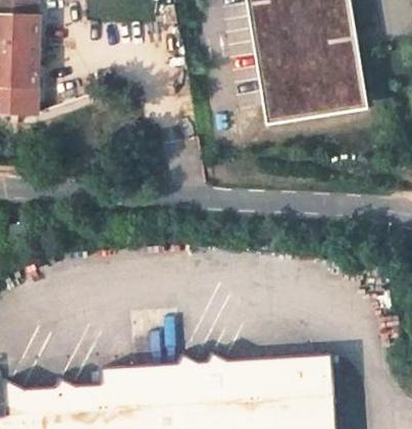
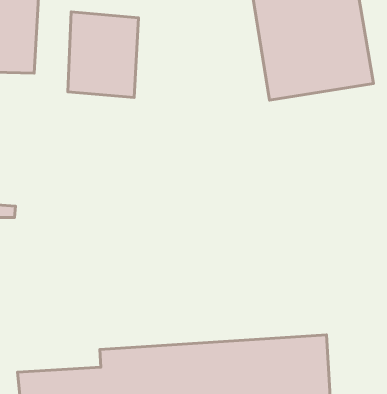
building: none -> [68,12,138,97]

